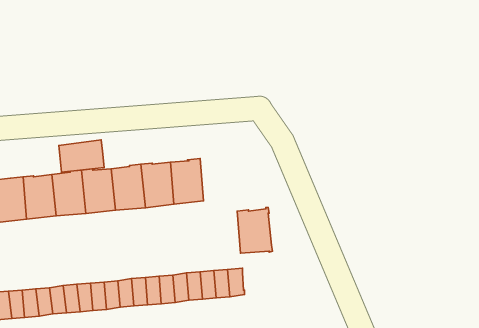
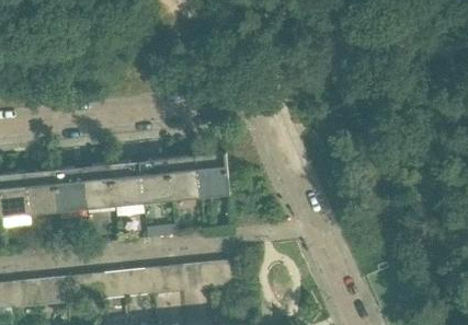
building: [59,140,104,172] -> none
building: [237,208,273,253] -> [194,153,228,197]

